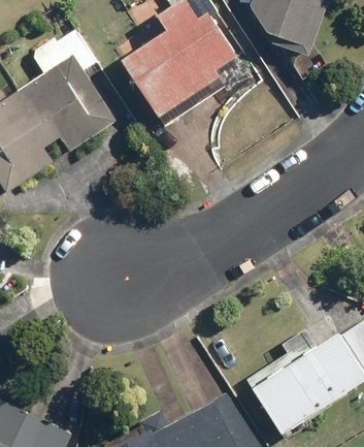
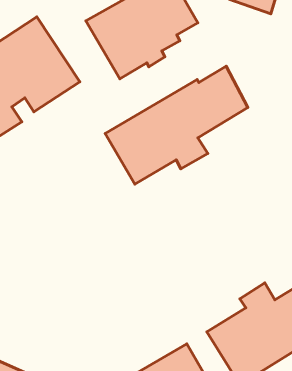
building: none -> [105,66,248,184]

